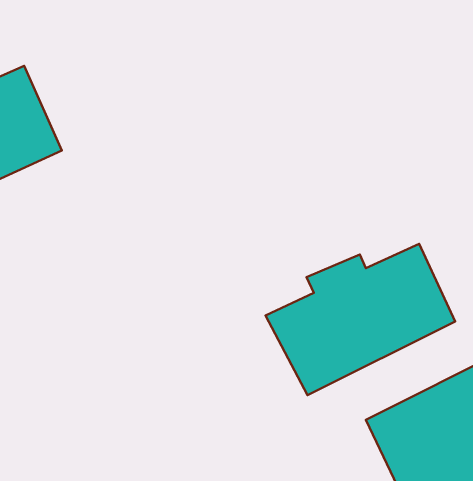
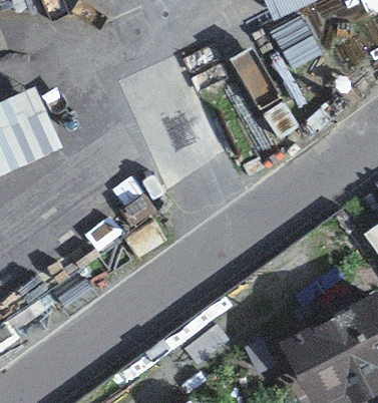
building: [265,244,455,395] -> none

